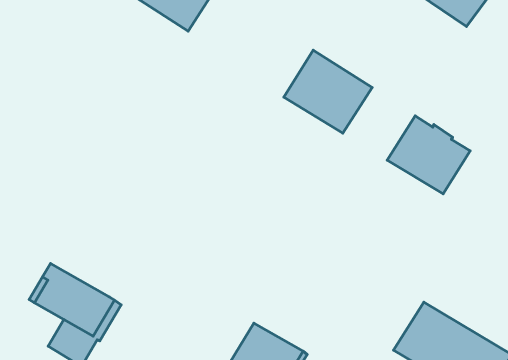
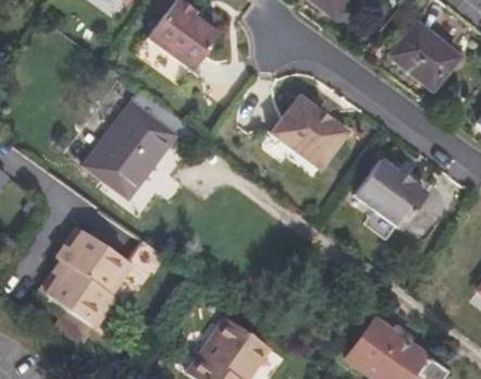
building: none -> [83,87,184,197]
building: none -> [54,228,128,292]

